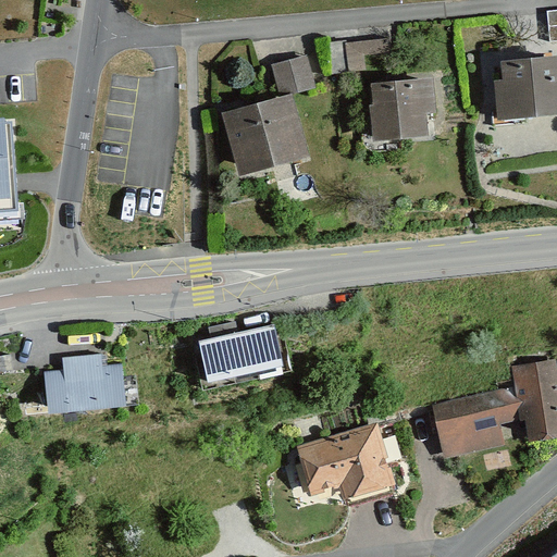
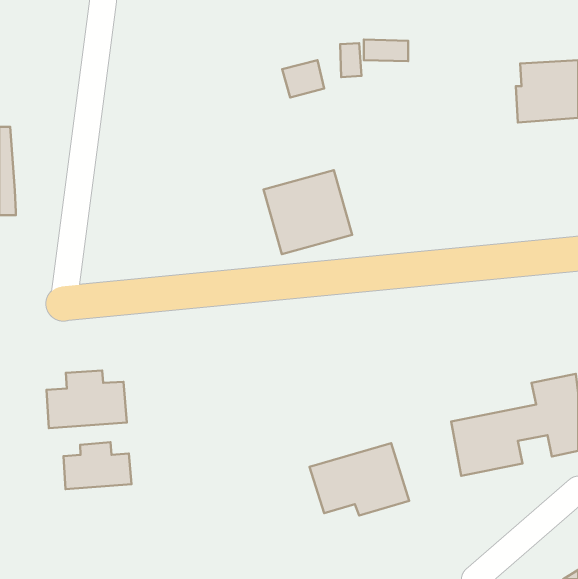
building: [369,79,433,140] -> none
building: [222,95,307,175] -> [264,170,352,254]
building: [199,323,281,380] -> none
building: none -> [63,442,131,489]

